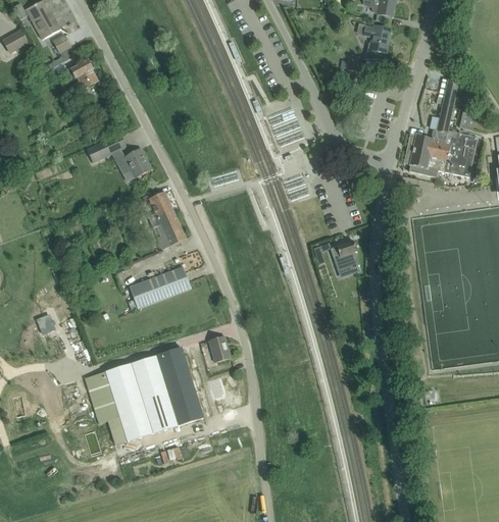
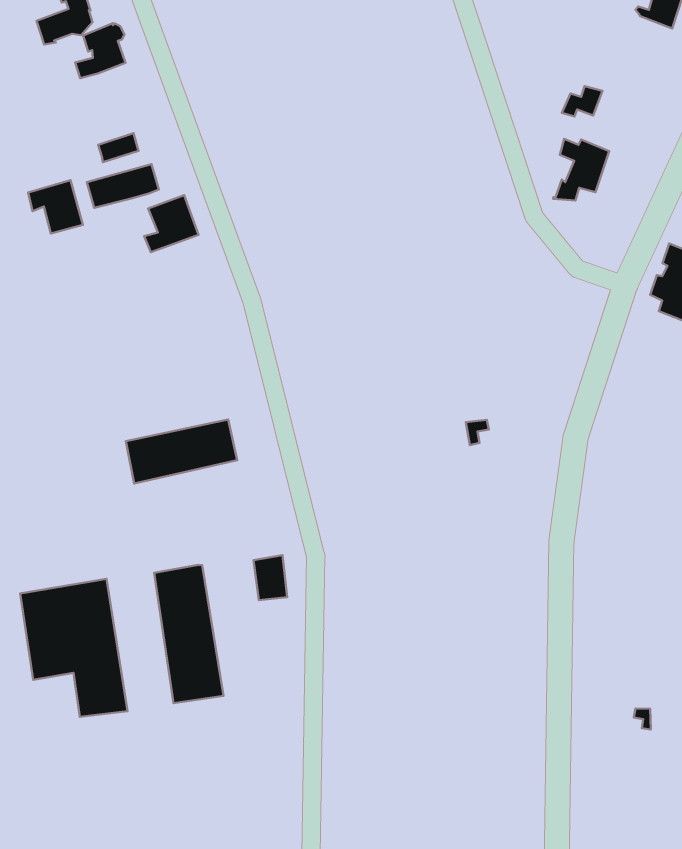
building: [363,24,390,59] -> [553,139,609,200]
building: none -> [28,180,83,234]
building: [147,191,185,249] -> none
building: [330,240,358,269] -> none
building: [130,356,177,433] -> none

